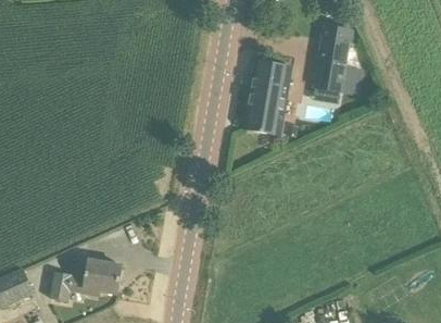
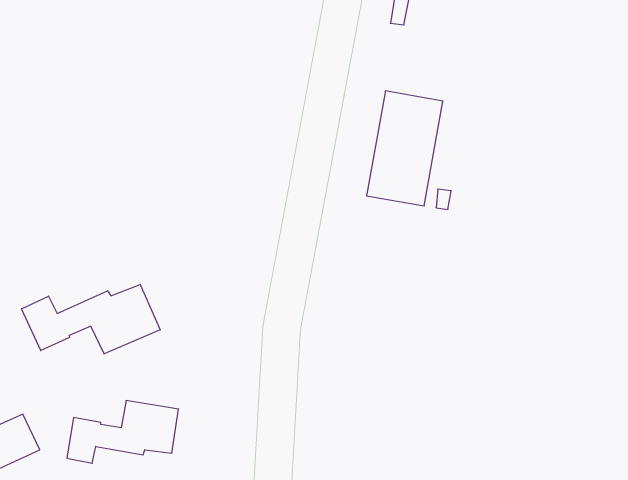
building: [312,25,353,92] -> none
building: none -> [22,284,160,354]

